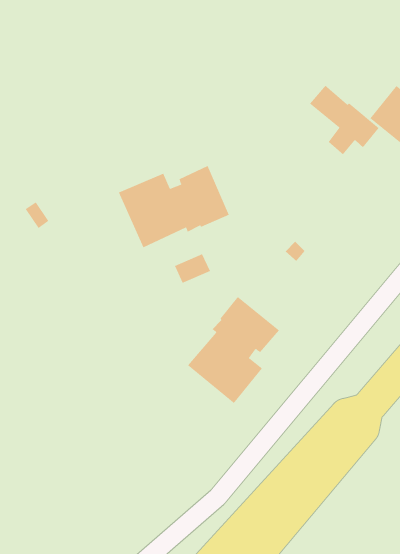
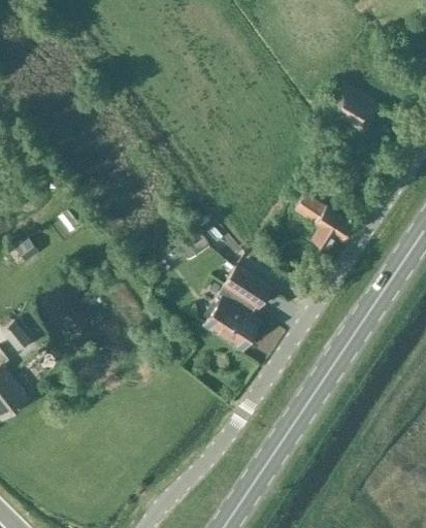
building: [309,85,380,155] -> [296,194,355,249]
building: [118,165,230,248] -> none

